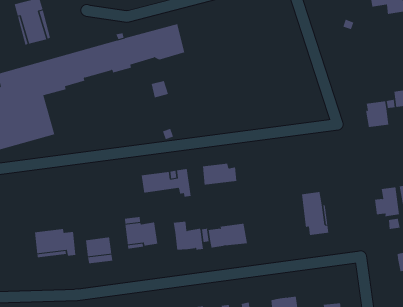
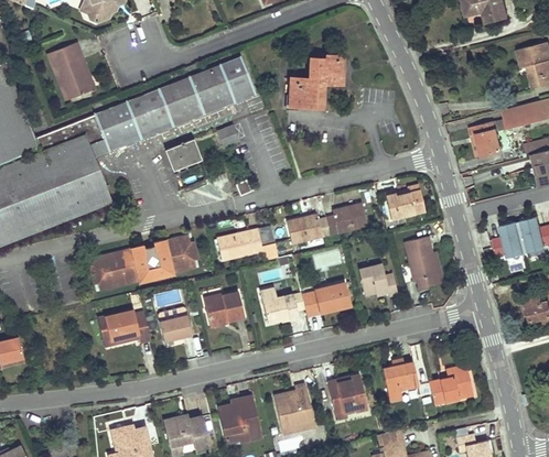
building: none -> [289,58,343,108]
building: none -> [168,141,197,167]
building: none -> [385,185,424,220]
building: none -> [326,204,367,235]
building: none -> [88,236,196,290]
building: none -> [358,264,398,297]

